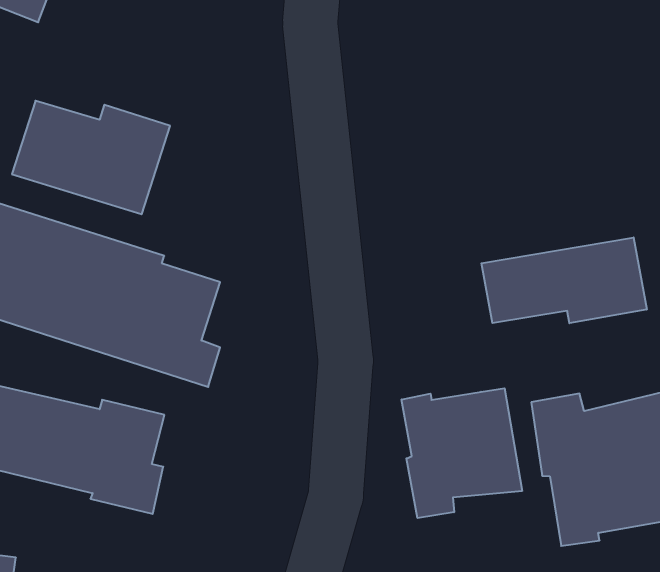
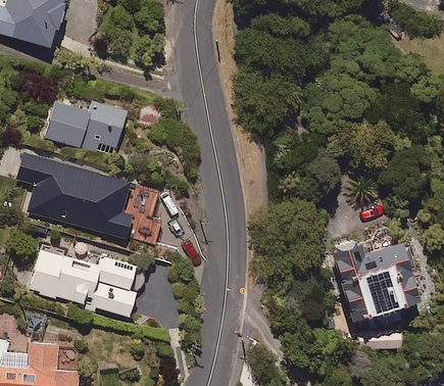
building: [481,237,647,323] -> none
building: [402,388,522,518] -> none

